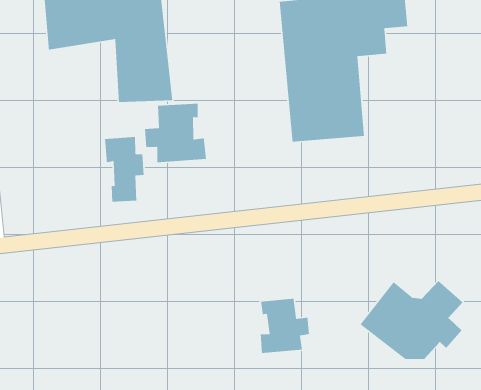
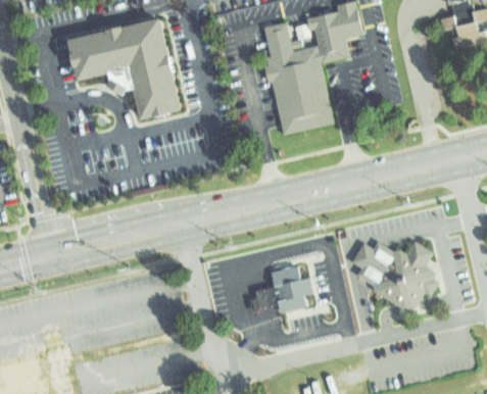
building: [144,103,207,163] -> none
building: [104,136,145,203] -> none

